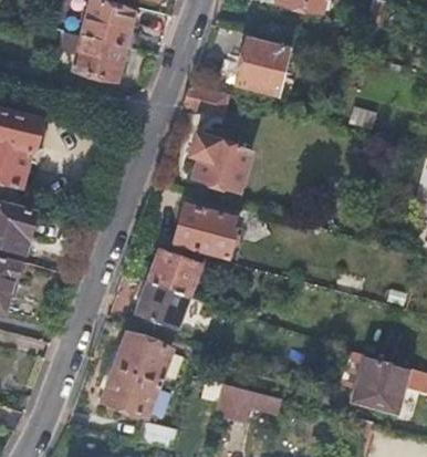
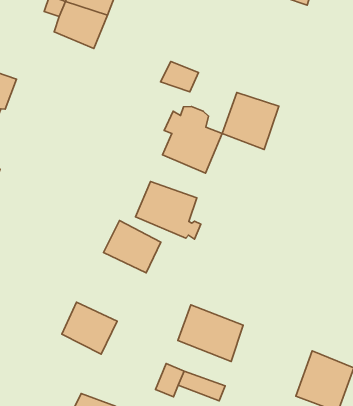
building: [237,42,290,95] -> [222,93,279,149]
building: [135,281,191,333] -> none
building: none -> [178,305,243,361]
building: [102,366,156,416] -> none

